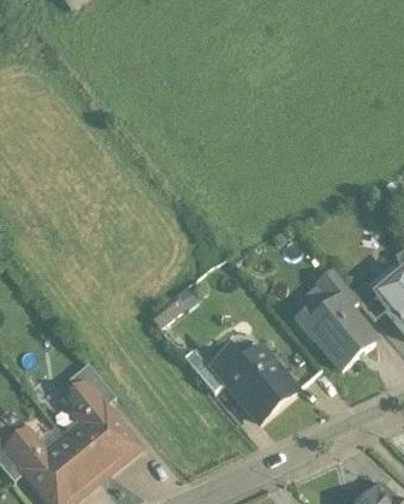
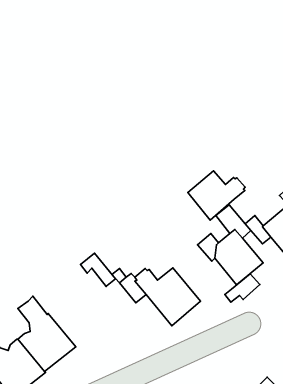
building: none -> [188,171,245,220]
building: none -> [225,274,260,302]
building: [70,363,114,405] -> [80,253,116,286]

